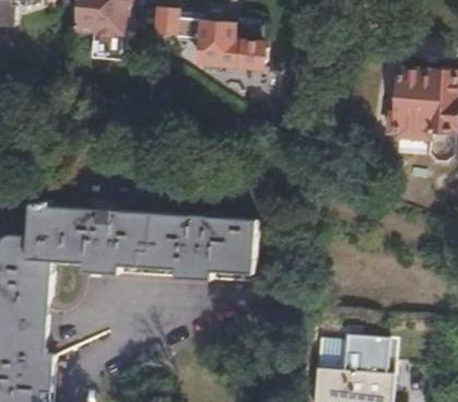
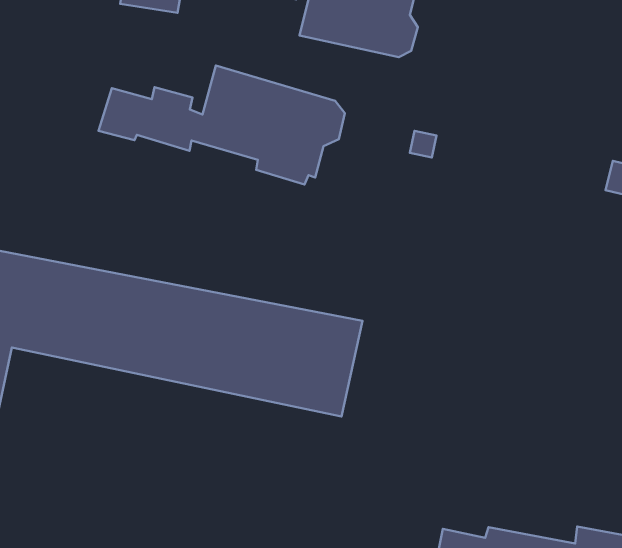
building: none -> [99,65,345,184]

